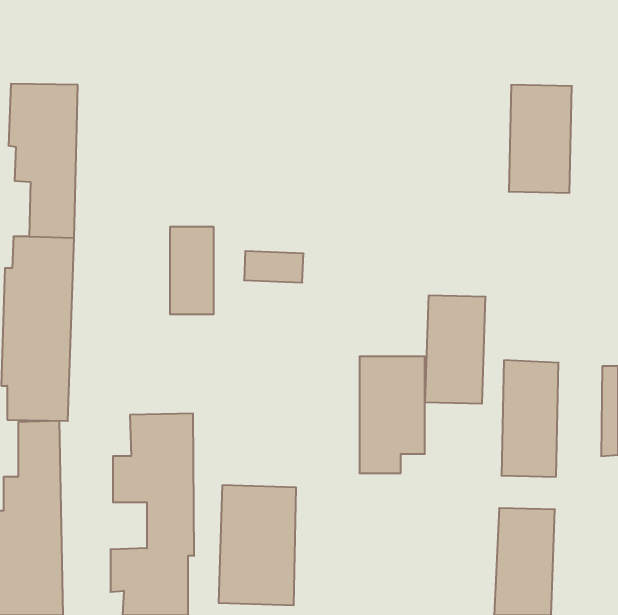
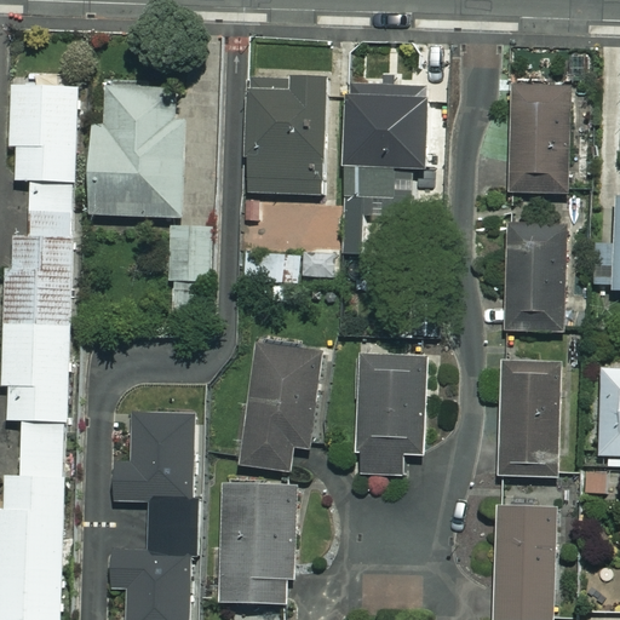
building: none -> [246,79,321,193]
building: none -> [90,82,184,216]
building: none -> [340,84,427,253]
building: [425,296,486,404] -> [503,223,563,331]
building: none -> [240,344,321,471]

